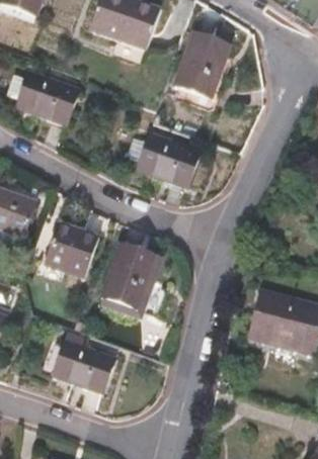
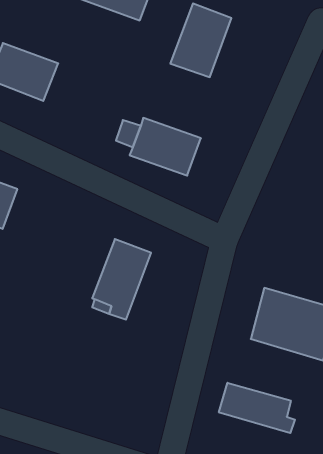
building: [48,221,103,277] -> none
building: [53,342,116,395] -> none
building: none -> [219,383,295,433]

